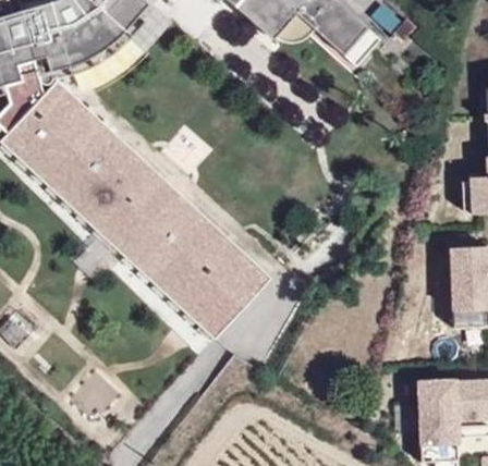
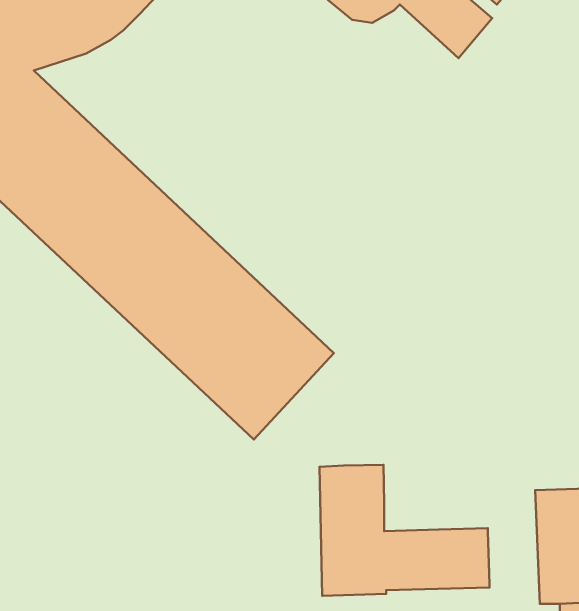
building: none -> [319,465,490,596]

